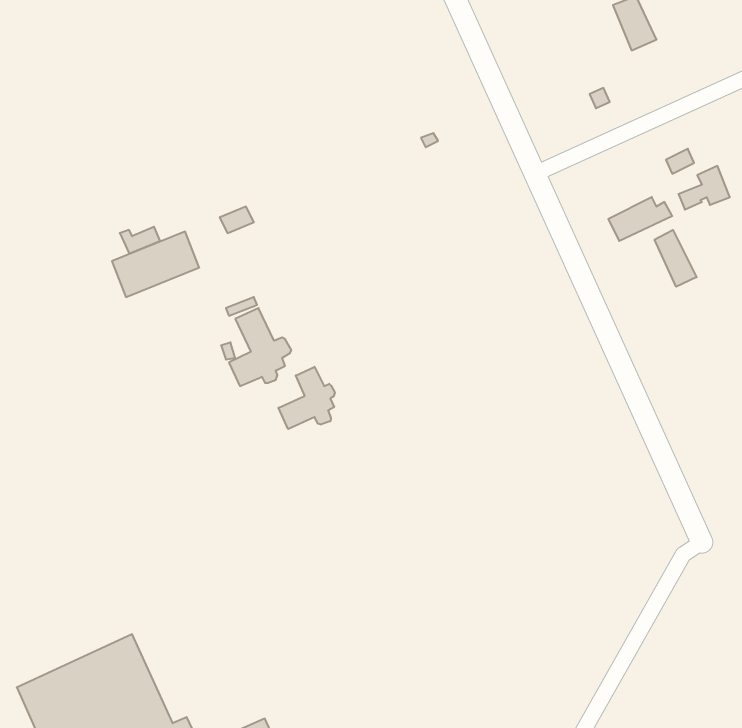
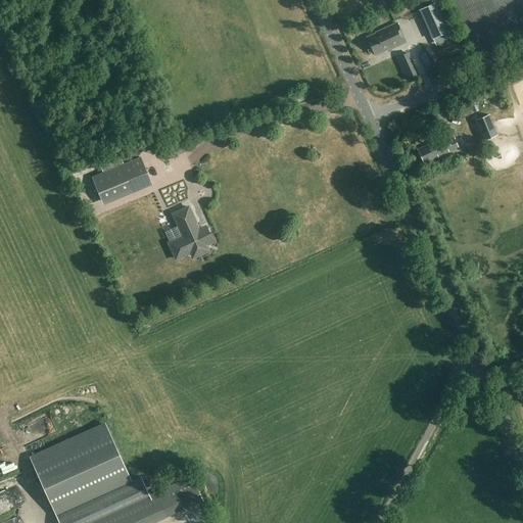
building: none -> [367,23,406,56]
building: [655,230,697,287] -> none
building: [278,367,335,429] -> none

